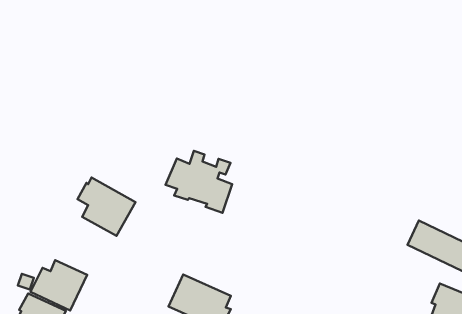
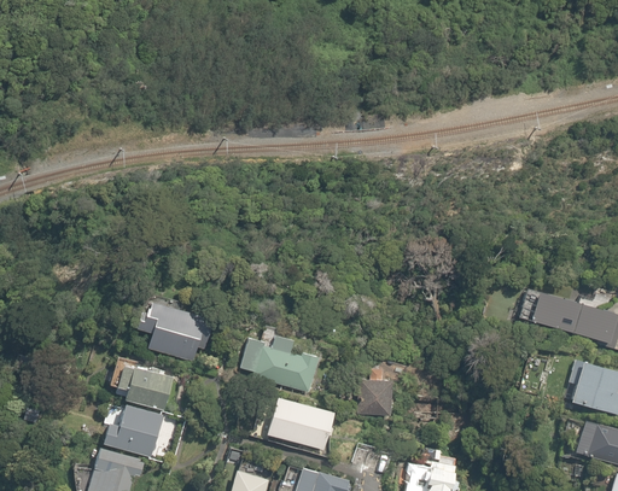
building: [165,151,232,213] -> [240,326,317,392]
building: none -> [110,355,174,411]
building: none -> [357,369,398,416]

